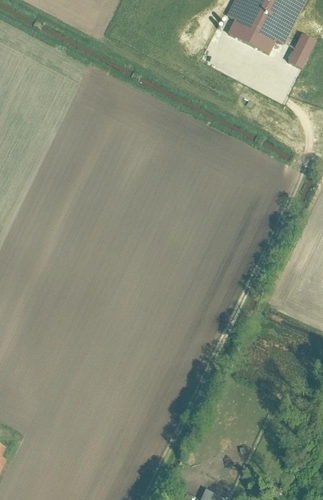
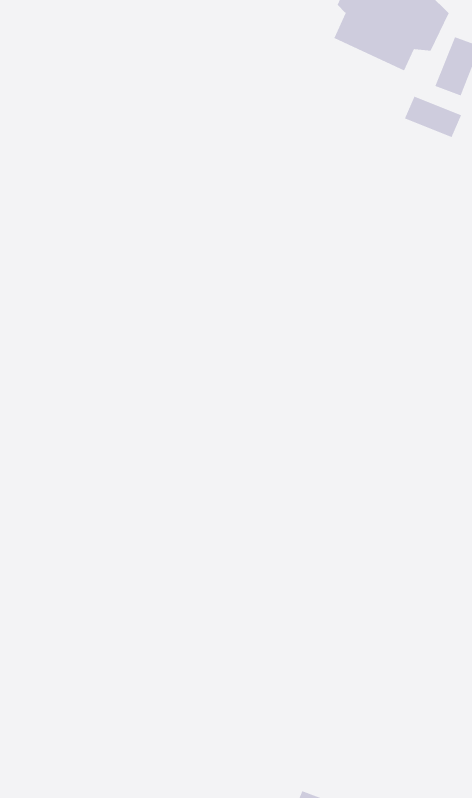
building: none -> [404,96,462,138]

